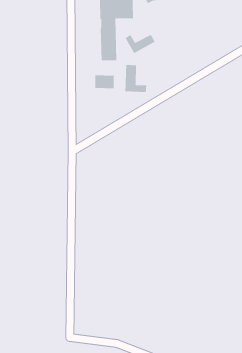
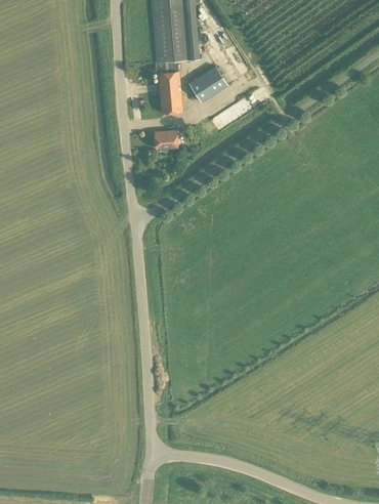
building: [125,64,147,93] -> none

